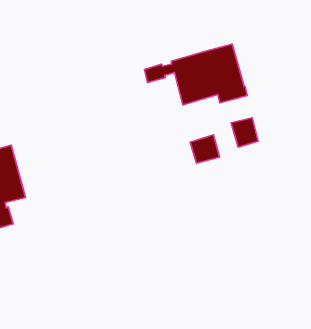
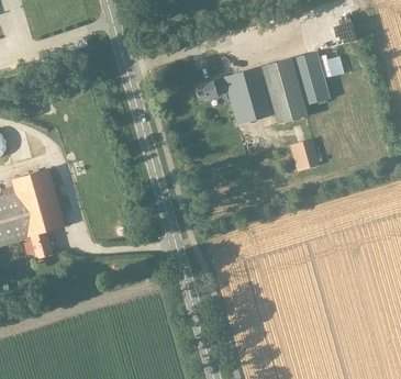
building: none -> [290,52,330,105]
building: [190,135,219,163] -> none

